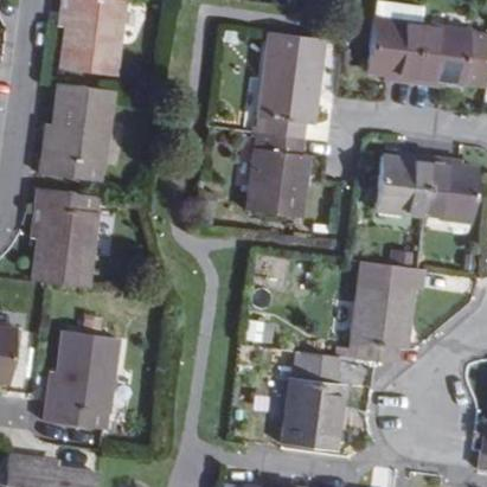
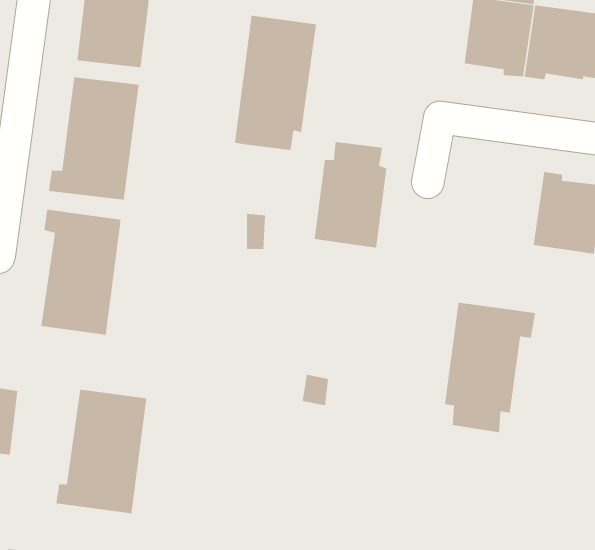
building: [258,33,323,140] -> [234,15,317,150]
building: [373,156,430,217] -> none
building: [282,352,344,449] -> none

